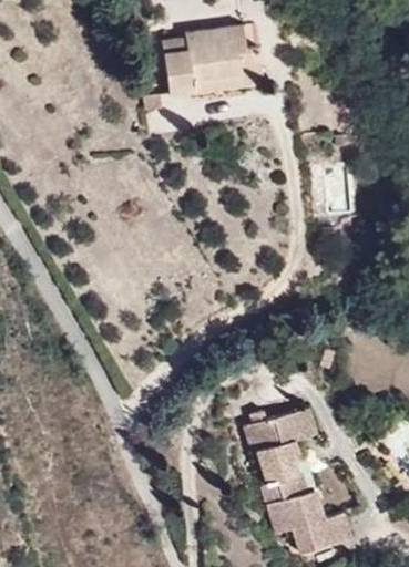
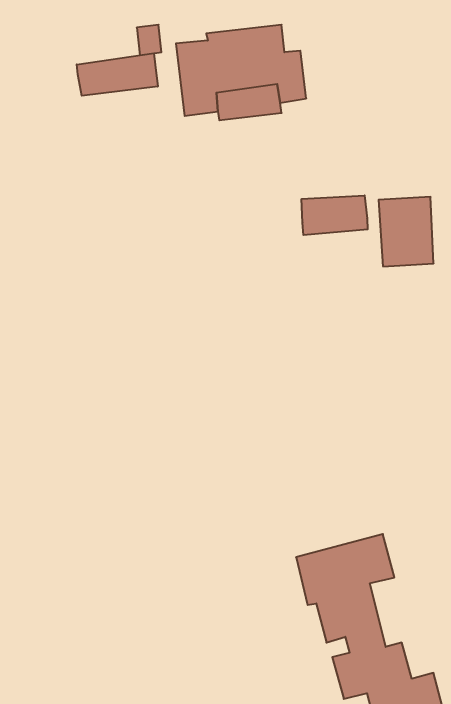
building: none -> [77,53,158,96]
building: none -> [302,195,368,235]

